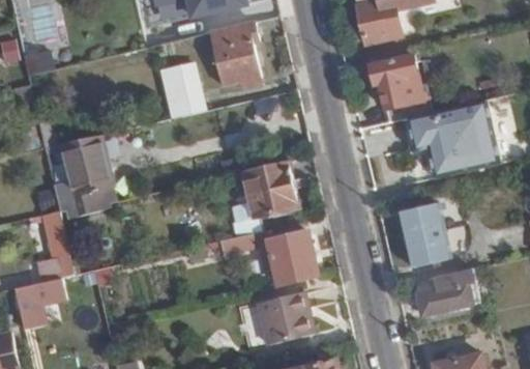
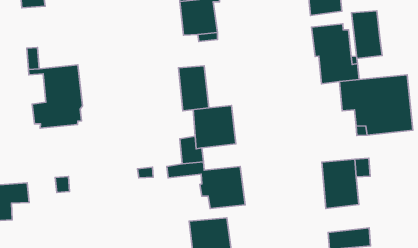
building: none -> [351,11,382,59]
building: [160,62,202,118] -> [178,66,209,111]
building: [40,210,72,281] -> none

